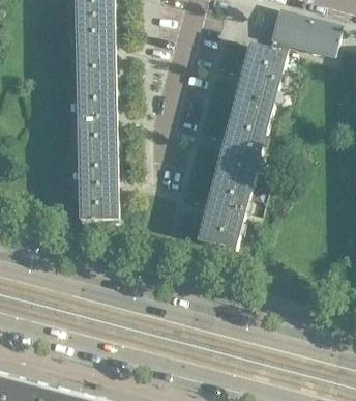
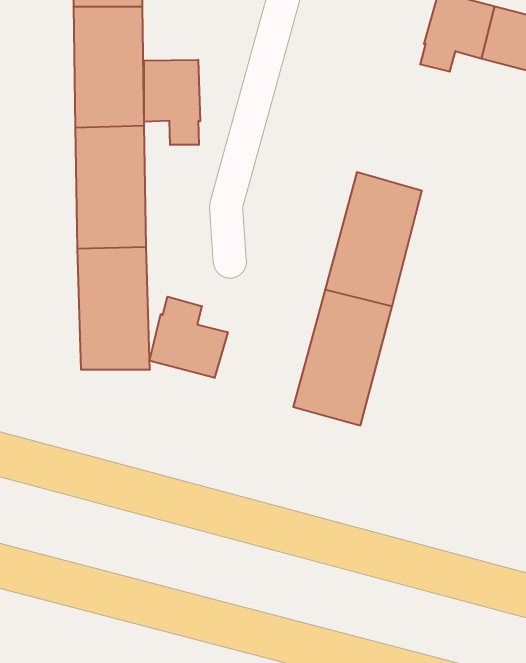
building: [233,45,287,120] -> none
building: none -> [144,60,200,145]
building: none -> [150,297,228,378]

